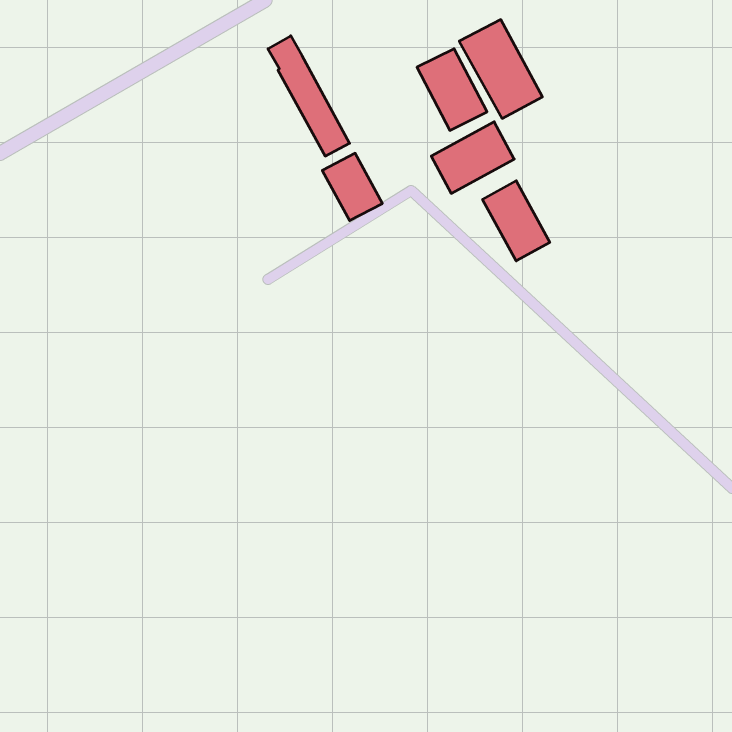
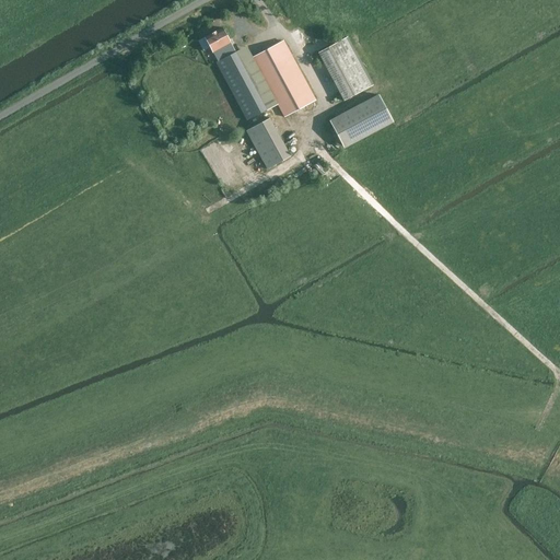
building: [459,20,542,118] -> [252,42,315,117]
building: [483,181,550,261] -> none

